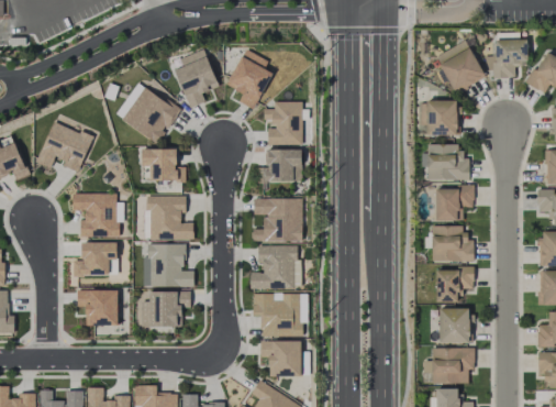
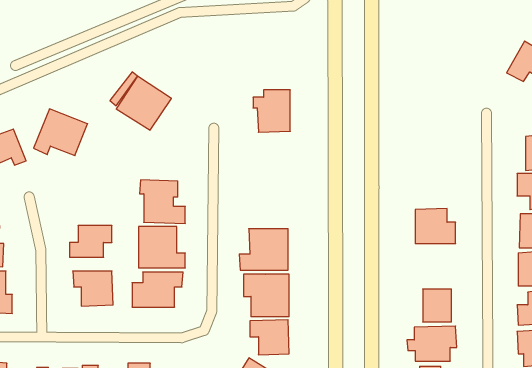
building: [492,38,527,77] -> none
building: [435,40,485,91] -> none
building: [175,48,218,108] -> none
building: [226,48,273,109] -> none
building: [421,100,457,135] -> none
building: [426,143,469,179] -> none
building: [142,148,186,180] -> none
building: [258,148,302,183] -> none
building: [435,186,474,220] -> none
building: [73,193,123,237] -> none
building: [253,197,302,241] -> none
building: [435,267,474,301] -> none

